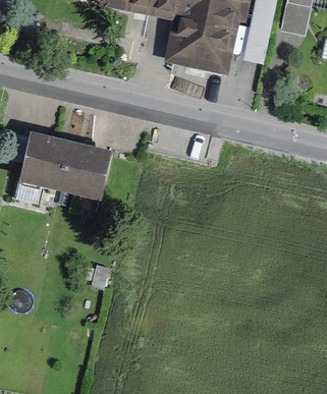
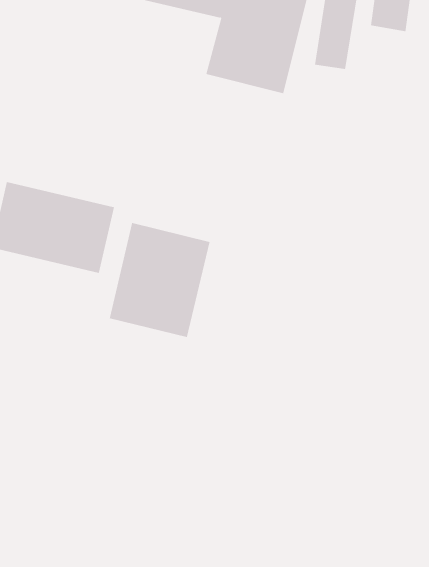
building: none -> [109,222,210,338]

